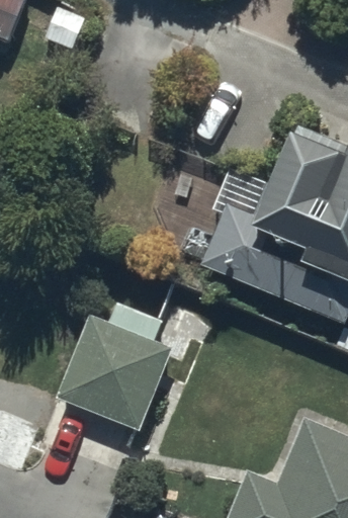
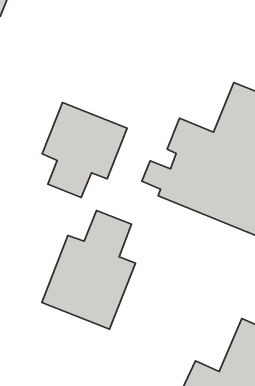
building: none -> [42,103,127,197]

